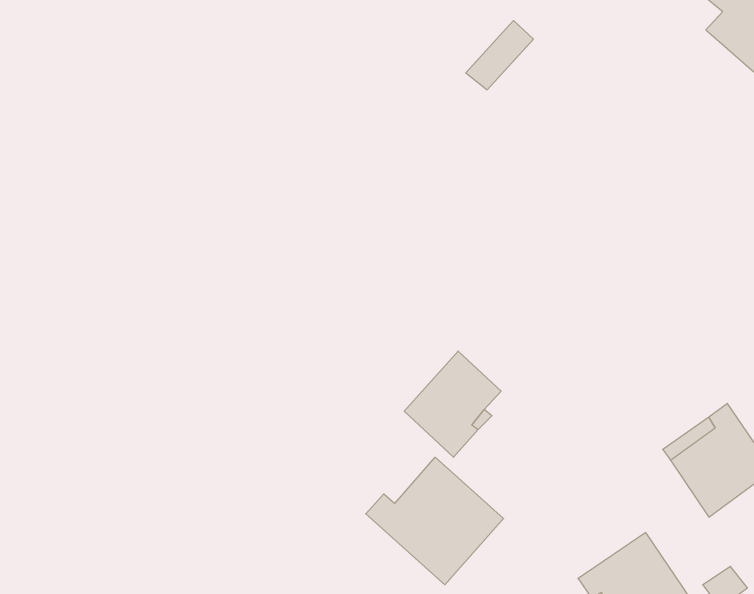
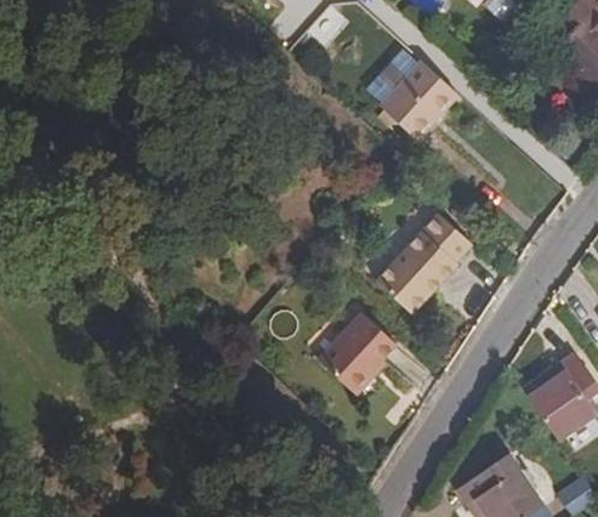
building: none -> [383,61,459,137]
building: none -> [376,212,471,313]
building: [366,457,504,585] -> none

